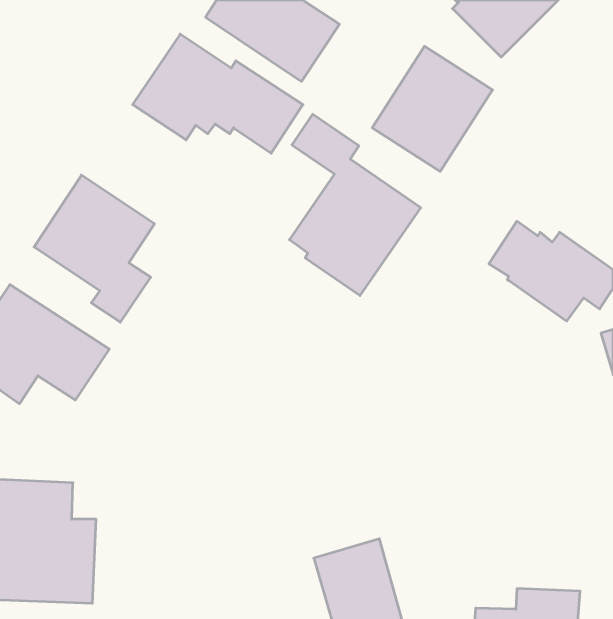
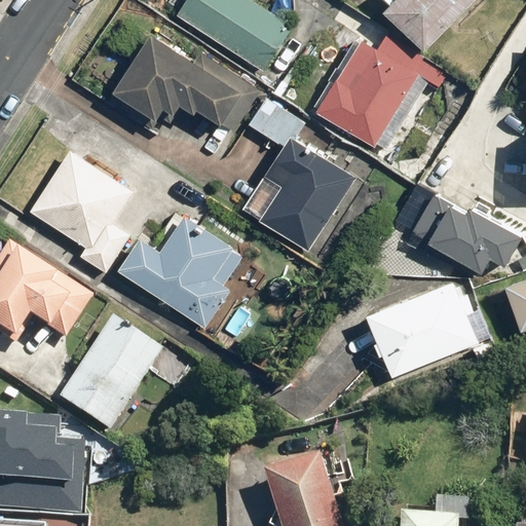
building: none -> [117,215,246,326]
building: none -> [370,283,478,374]
building: none -> [60,320,162,430]

